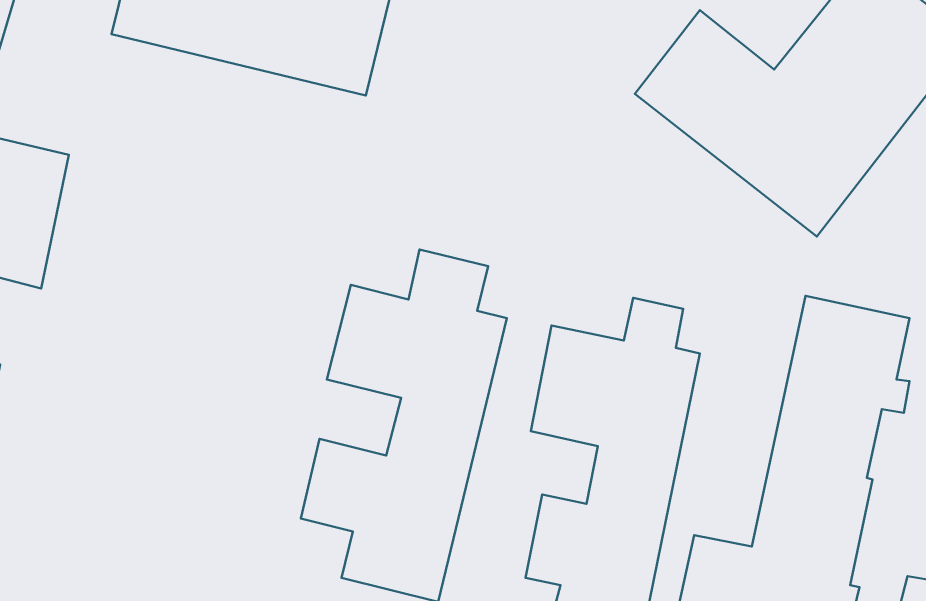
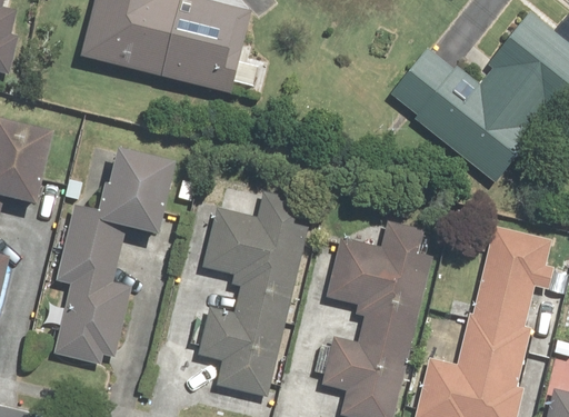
building: none -> [57,148,174,364]

